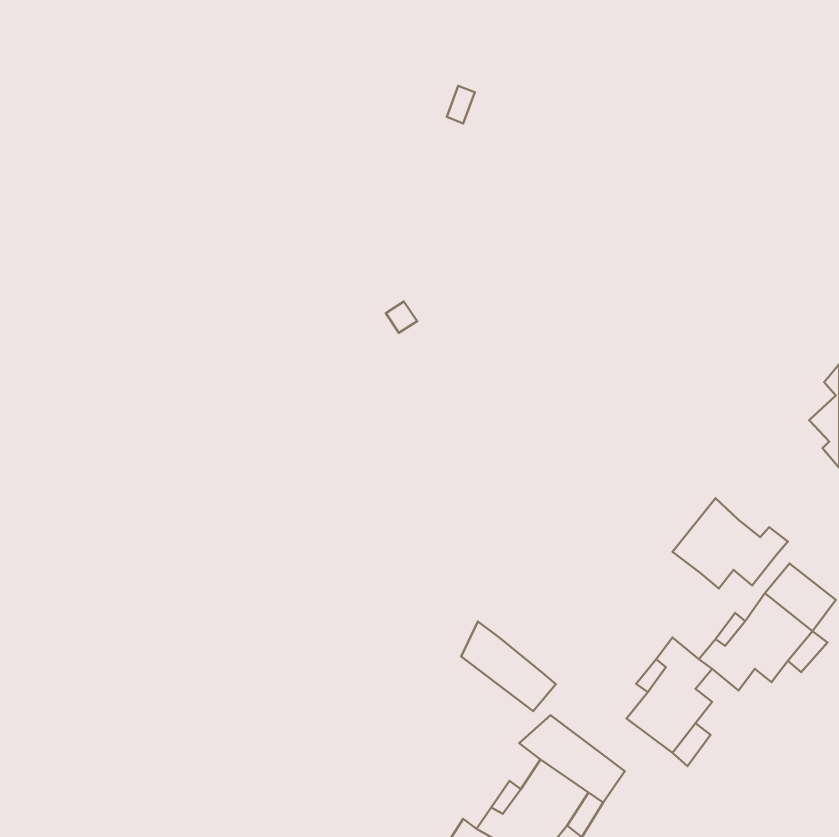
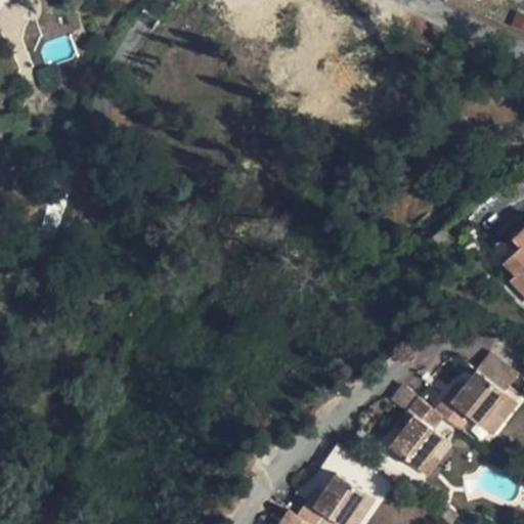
building: [672,498,788,588] -> none
building: [461,621,556,711] -> none

